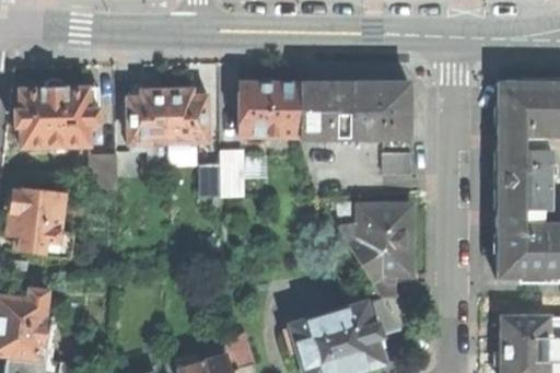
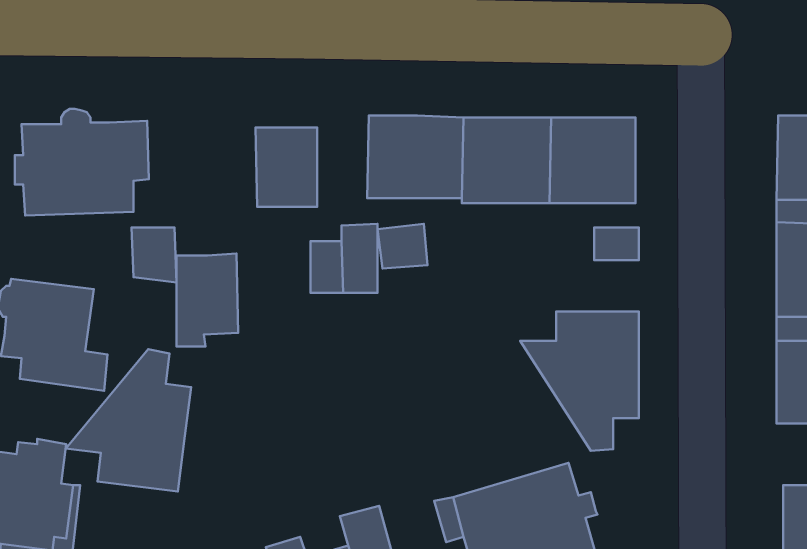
building: [129,90,168,149] -> [176,254,238,346]
building: none -> [66,349,191,491]
building: [366,294,417,334] -> none

